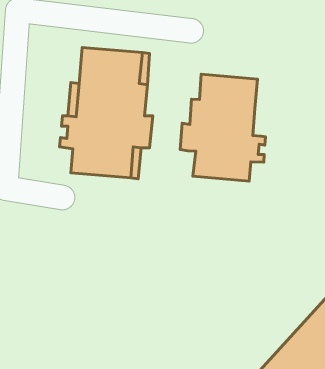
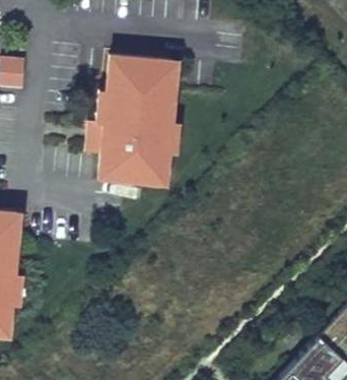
building: [180,74,265,181] -> none

